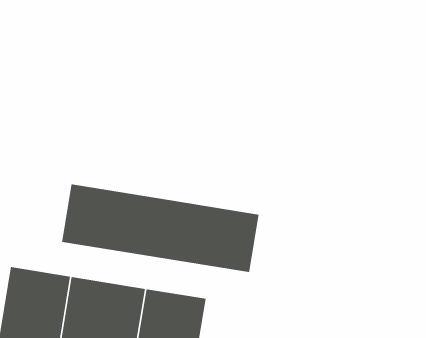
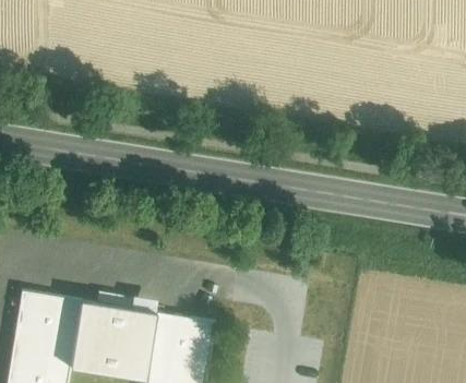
building: [61,184,259,273] -> none

